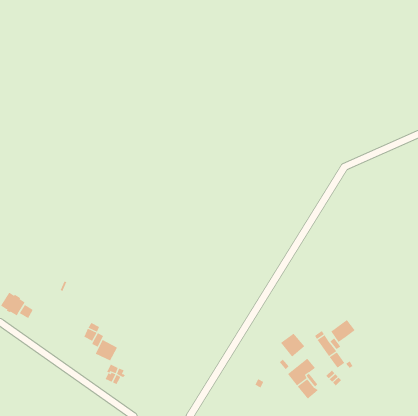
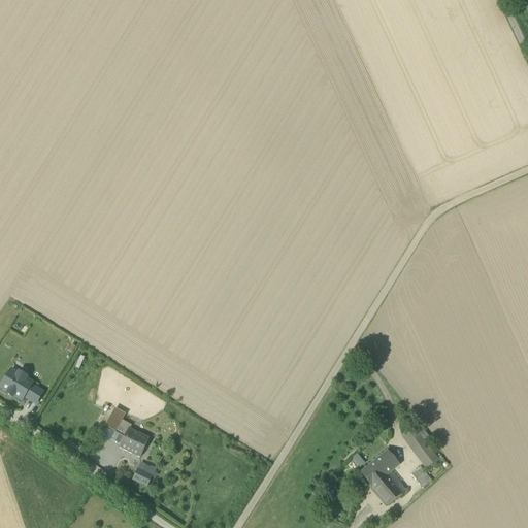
building: [331,319,356,343] -> none
building: [280,333,305,357] -> none

